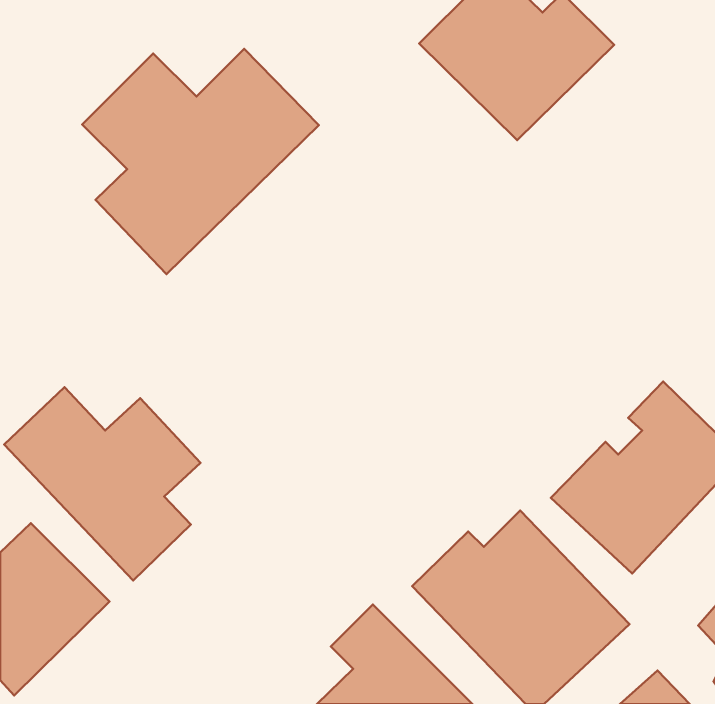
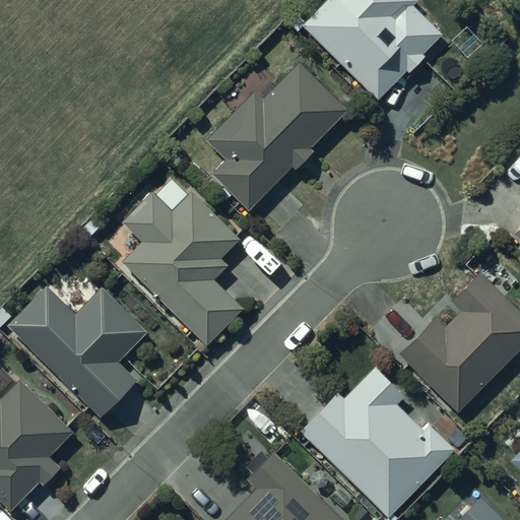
building: [82,49,319,274] -> none
building: none -> [200,65,346,209]
building: none -> [108,188,248,353]

